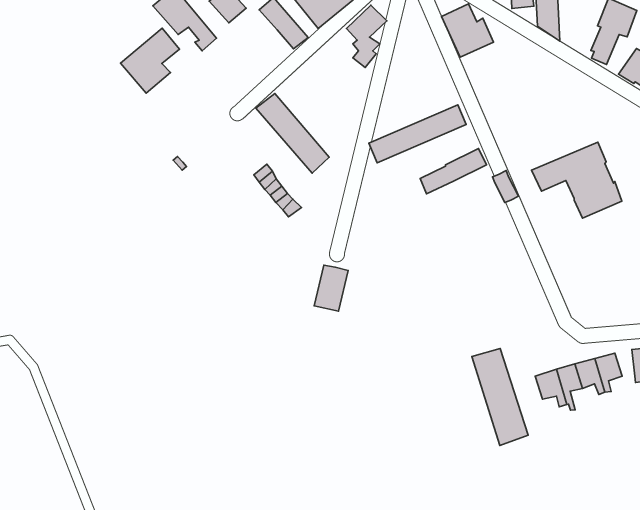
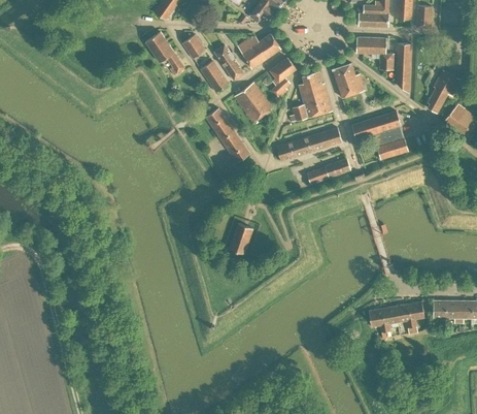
building: none -> [293,70,332,121]
building: none -> [201,60,229,92]
building: [120,28,179,93] -> none
building: none -> [234,83,273,122]
building: [531,142,622,218] -> [350,112,407,160]
building: [472,348,528,446] -> none

